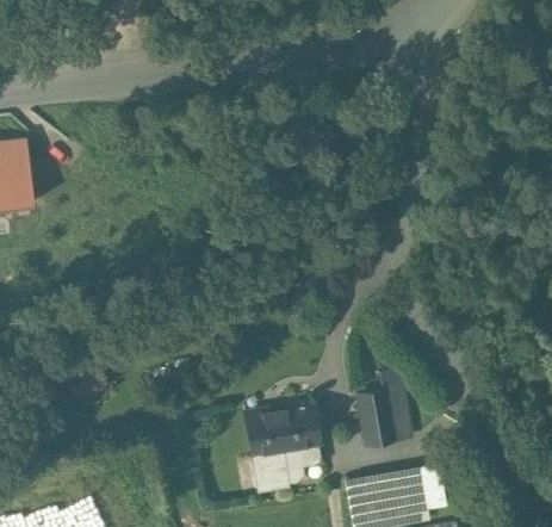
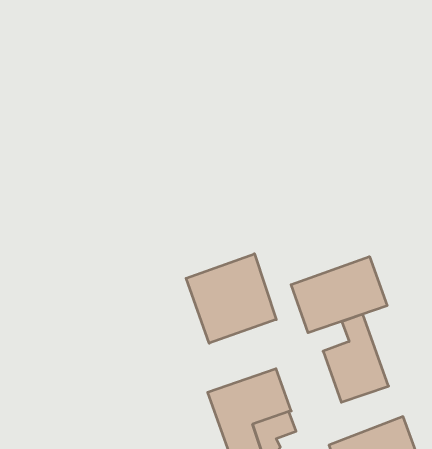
building: none -> [186,254,276,343]
building: none -> [291,257,387,333]

